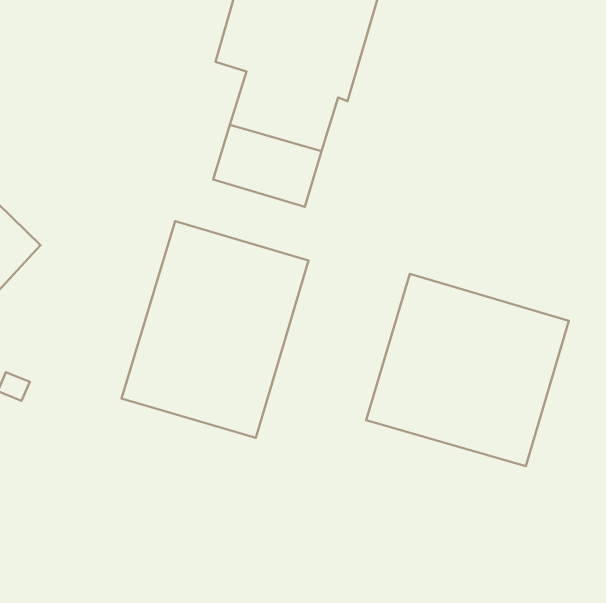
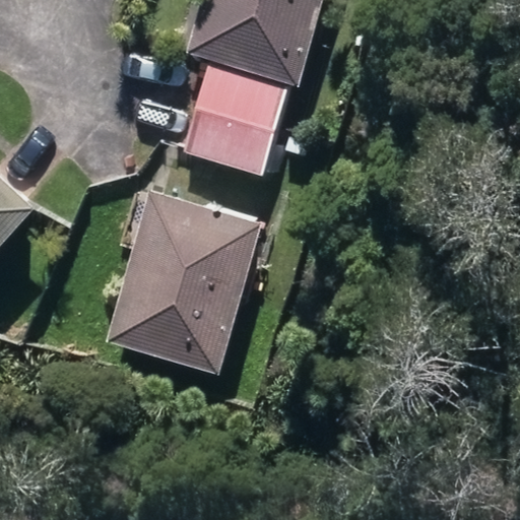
building: [366,274,569,466] -> none

